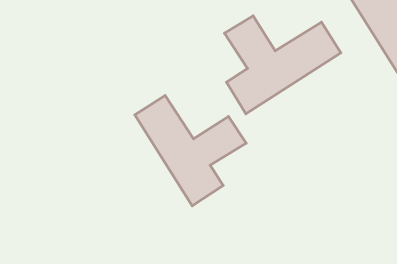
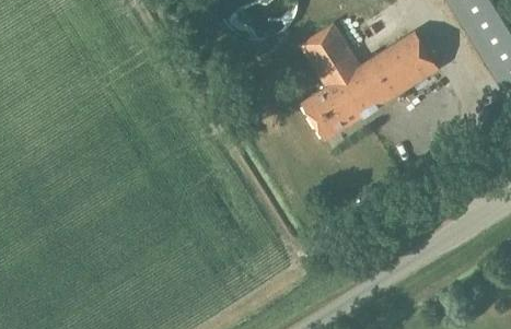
building: [135,95,246,206] -> none

